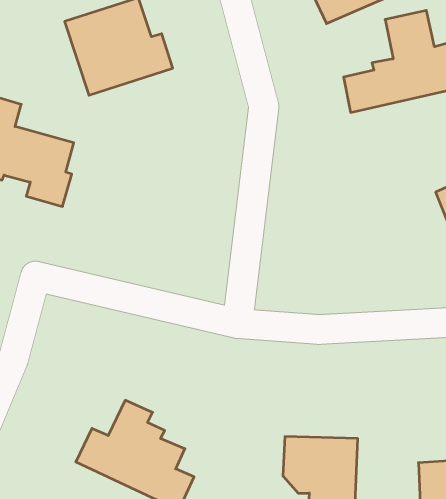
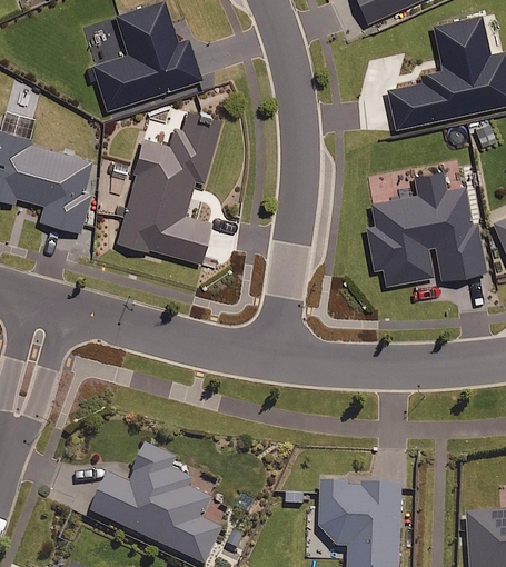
building: none -> [117,110,220,265]
building: none -> [367,171,484,285]

